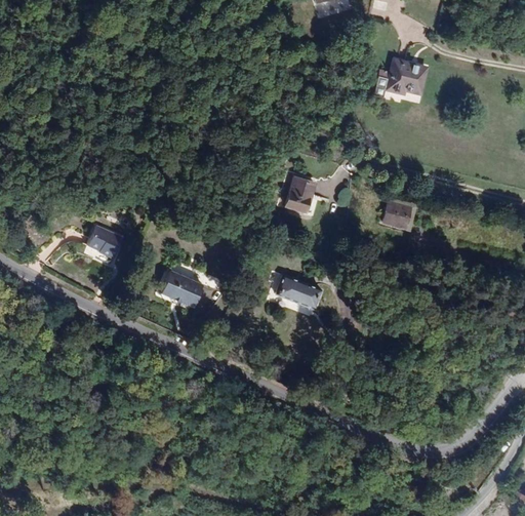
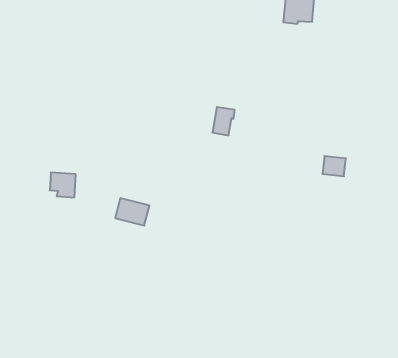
building: [382,202,412,229] -> [322,156,346,176]
building: [277,276,320,308] -> none

